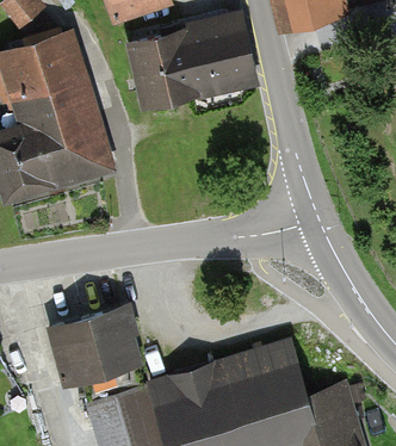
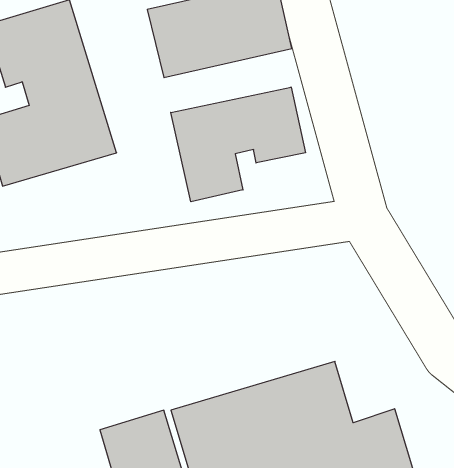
building: none -> [171,87,305,202]
building: [52,308,146,402] -> none

